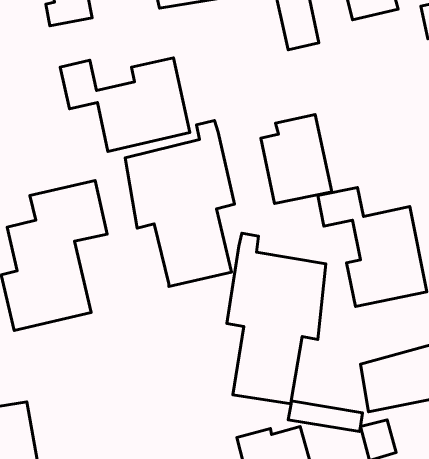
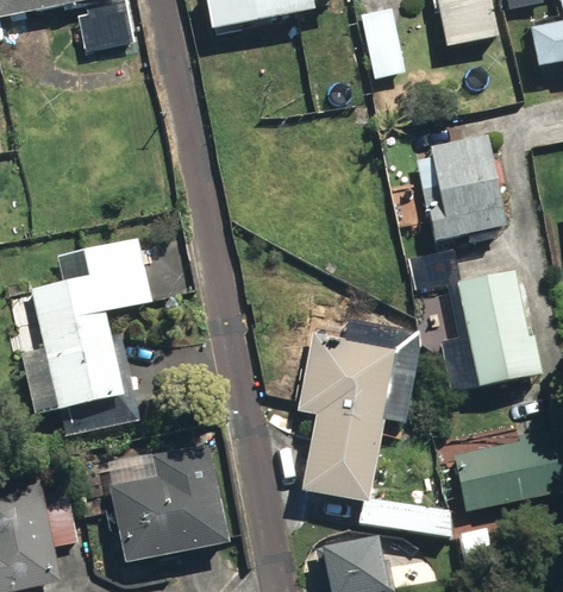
building: [60,58,190,151] -> none
building: [261,114,332,204] -> [413,132,499,239]
building: [125,120,235,286] -> none
building: none -> [108,470,234,561]

